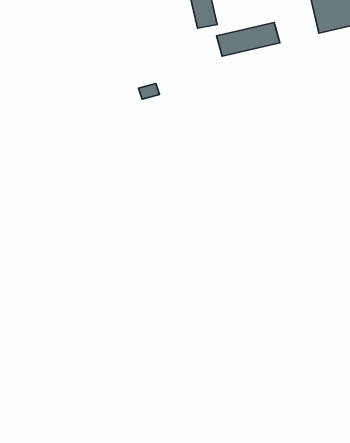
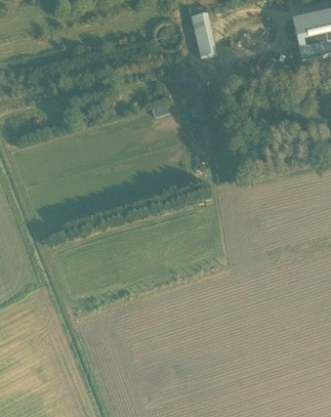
building: [216,23,280,56] -> none

